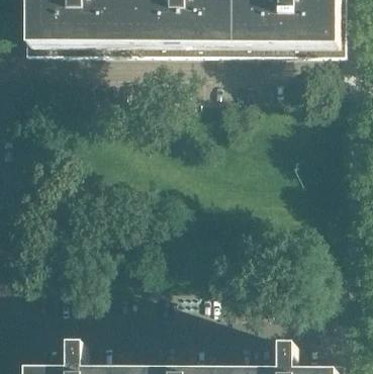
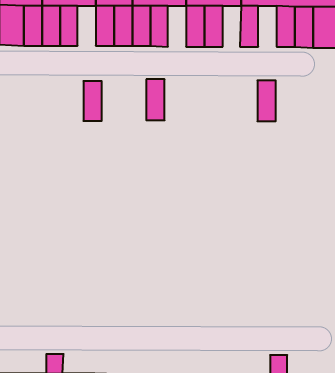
building: [96,18,113,56] -> [83,81,102,121]
building: [181,18,198,57] -> [146,79,165,120]
building: [232,18,250,57] -> none
building: [266,18,283,57] -> [257,80,276,121]

